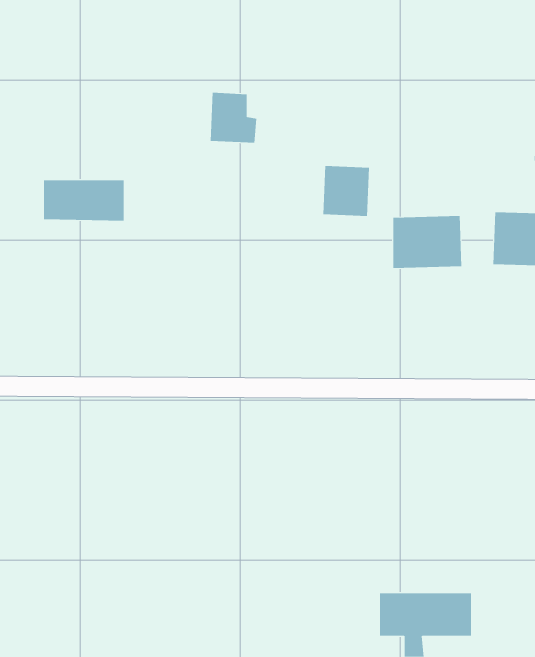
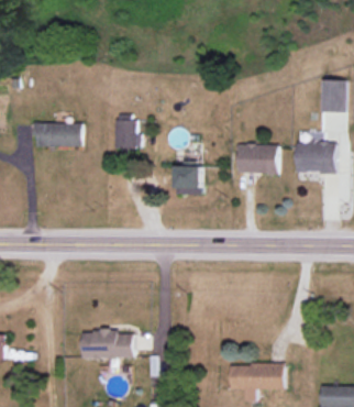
building: [210,92,257,143] -> [113,120,141,150]
building: [323,165,370,216] -> [174,165,201,195]
building: none -> [82,331,134,360]

